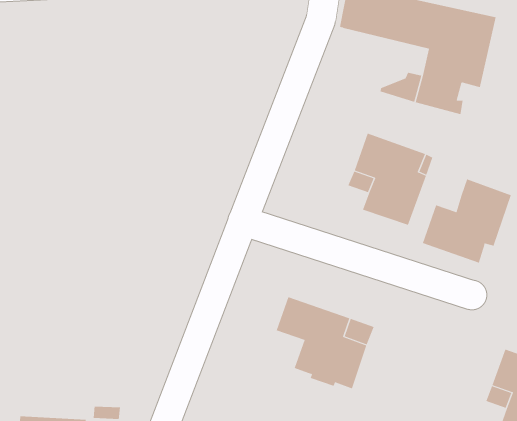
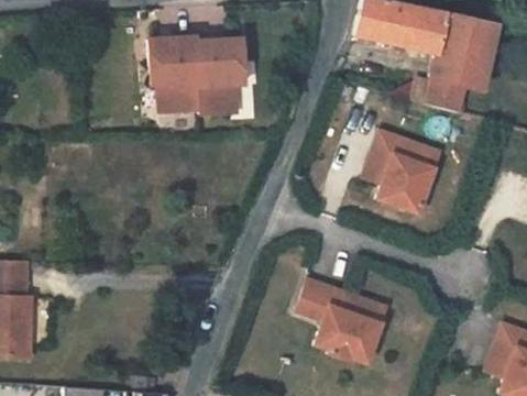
building: none -> [147,38,241,116]
building: [422,178,512,263] -> none

